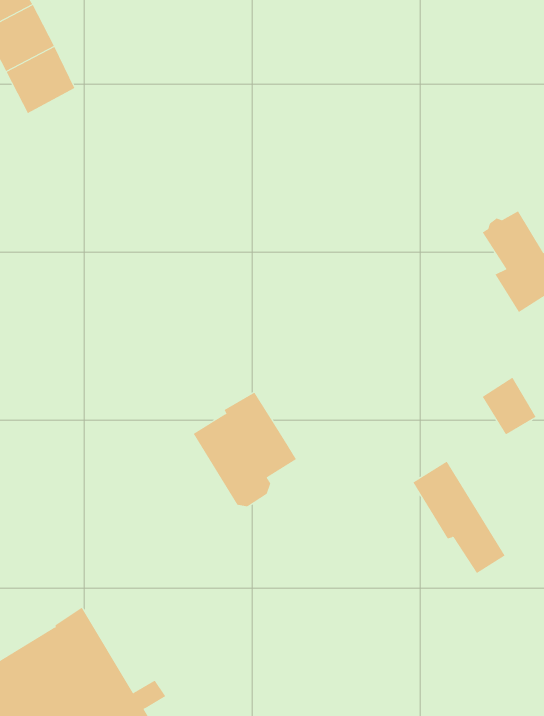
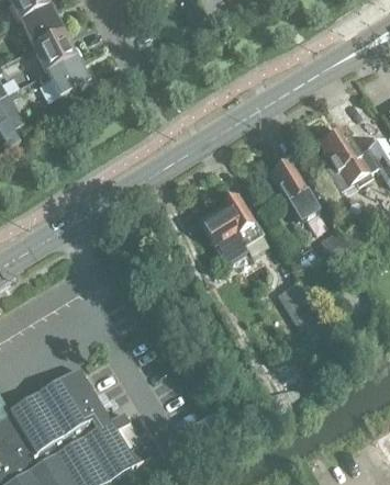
building: none -> [46,56,89,98]
building: none -> [269,160,320,223]
building: [193,392,297,507] -> [199,193,261,262]

